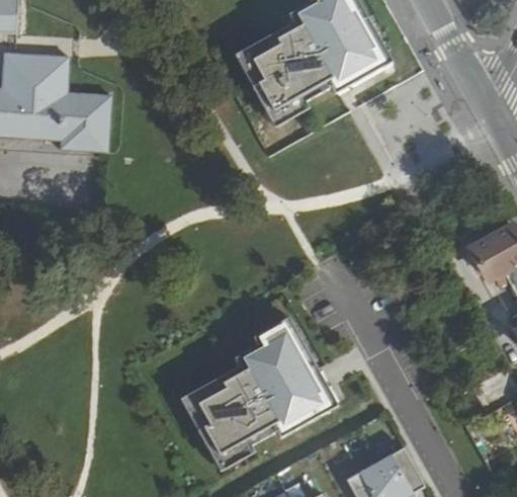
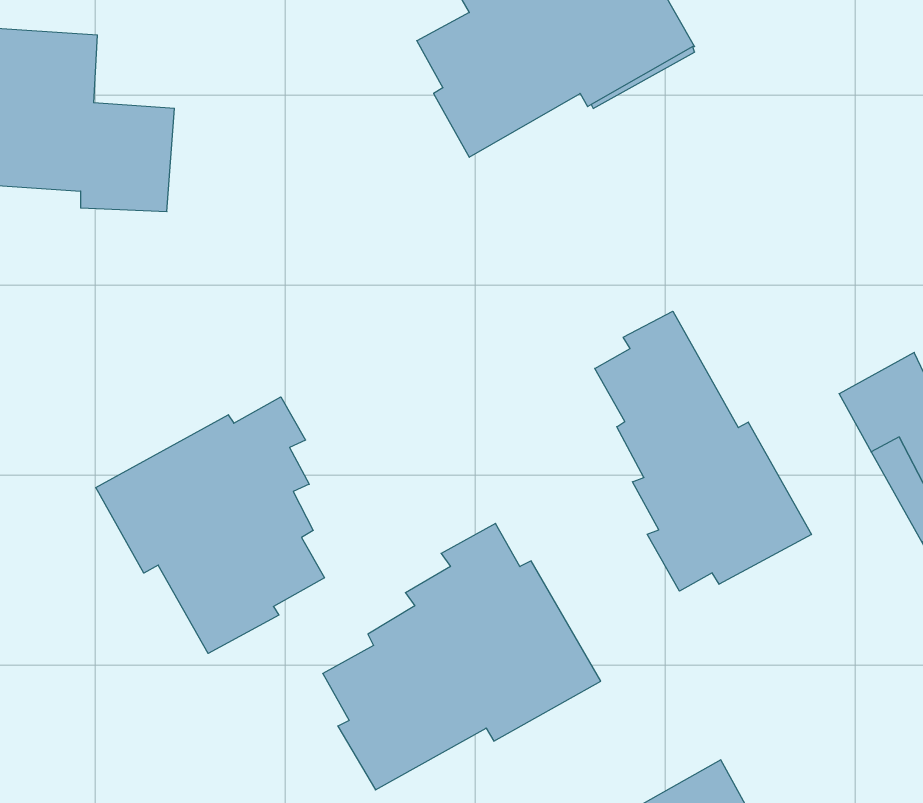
building: none -> [595,311,811,591]
building: none -> [96,397,324,653]

